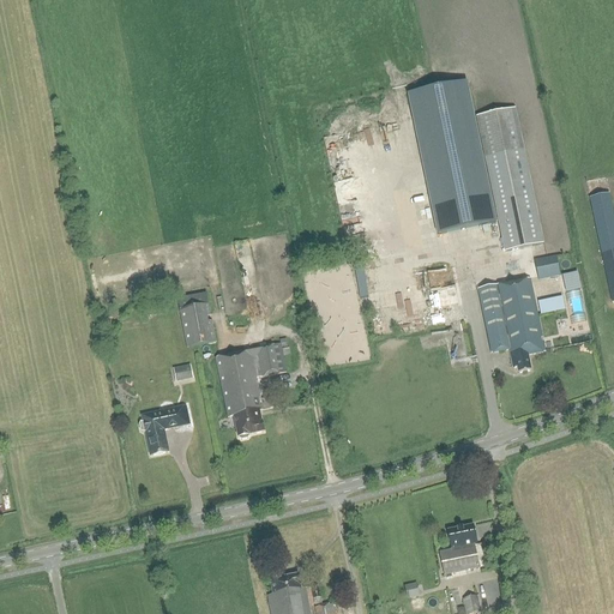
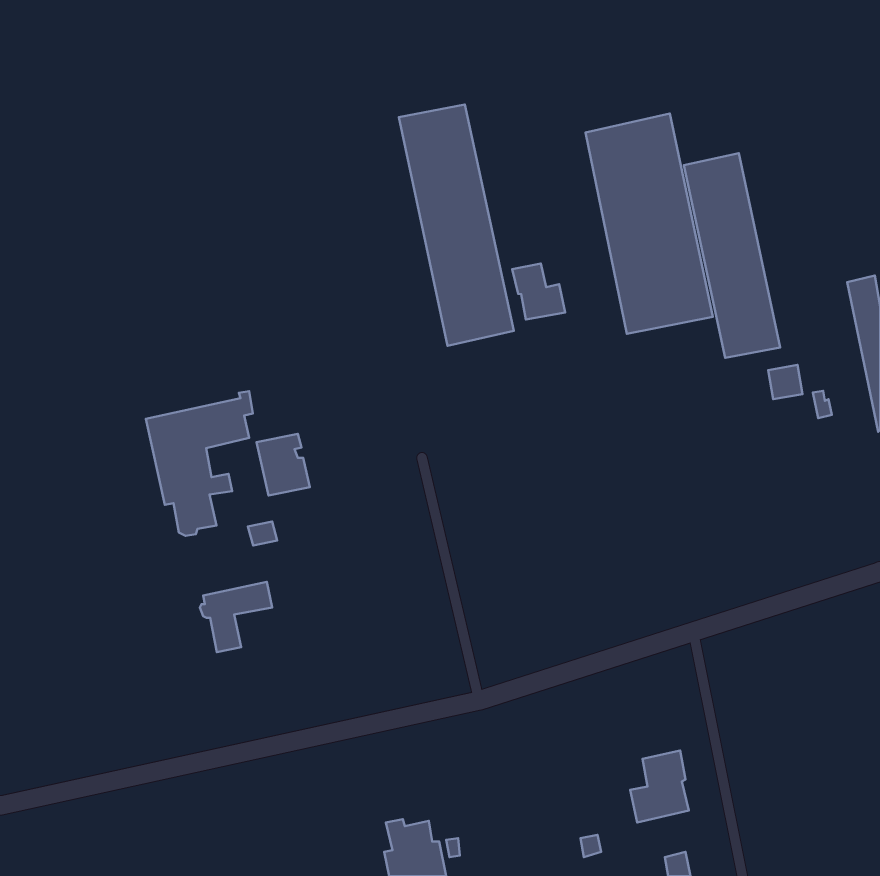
building: none -> [399,104,514,346]
building: none -> [512,264,565,320]
building: [478,277,546,372] -> none
building: [215,337,289,438] -> [146,391,253,536]

